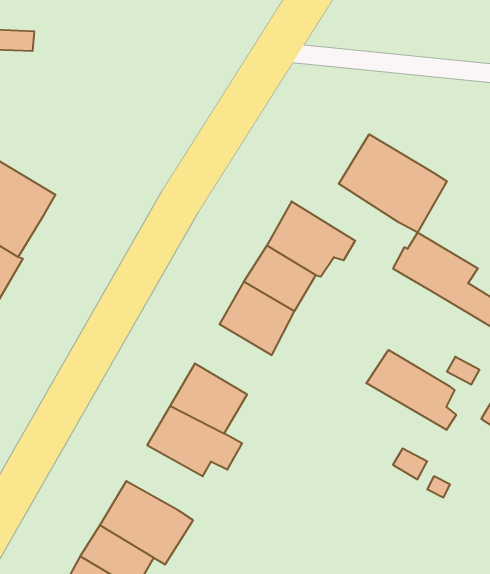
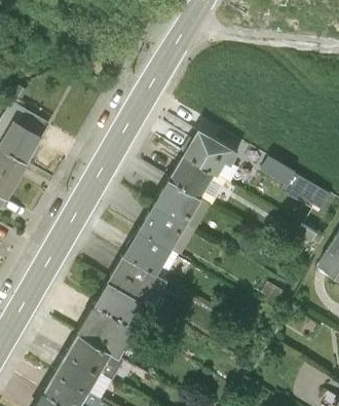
building: [339,134,447,233] -> none
building: none -> [137,208,185,252]
building: [366,350,456,430] -> none
building: none -> [93,284,142,325]

